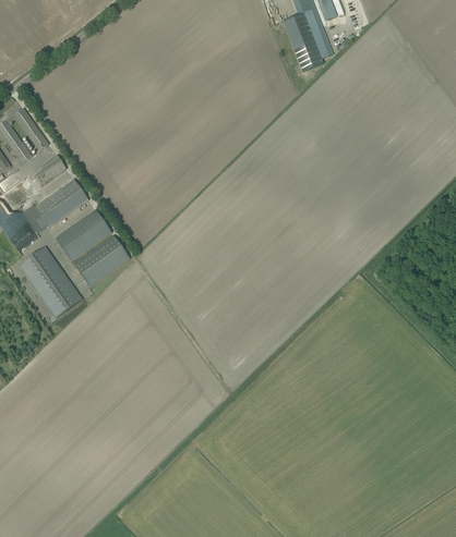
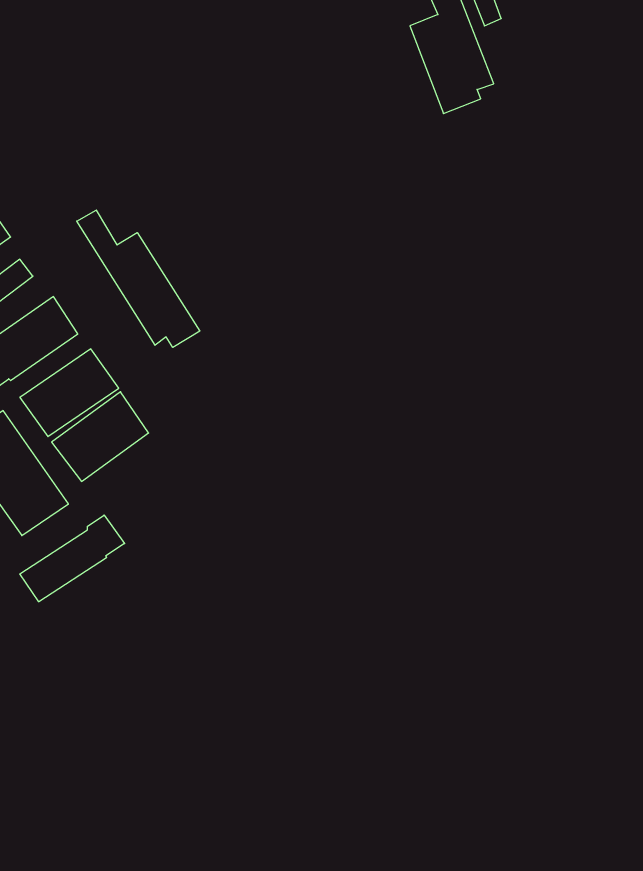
building: none -> [77,210,200,347]
building: none -> [20,515,125,602]

